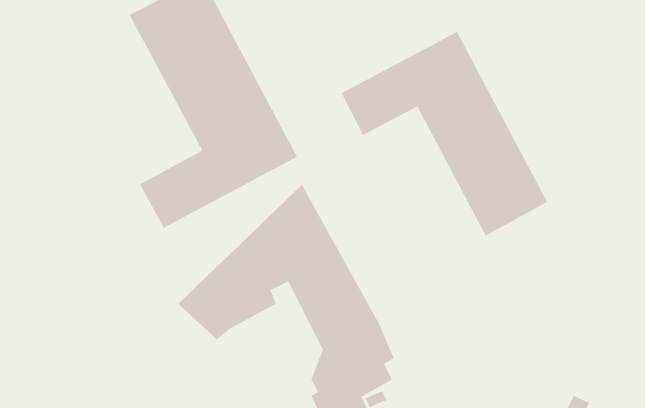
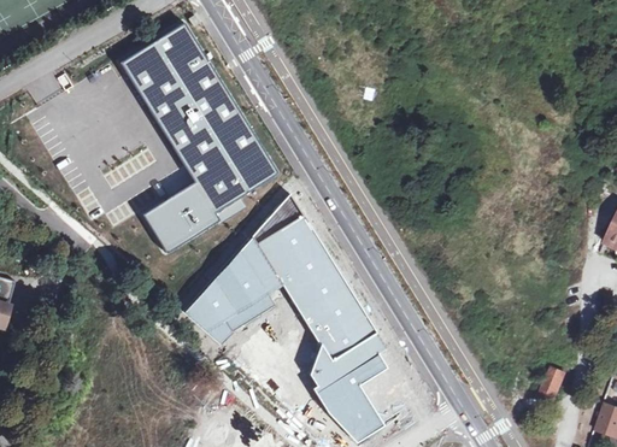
building: [341,31,548,236] -> none

